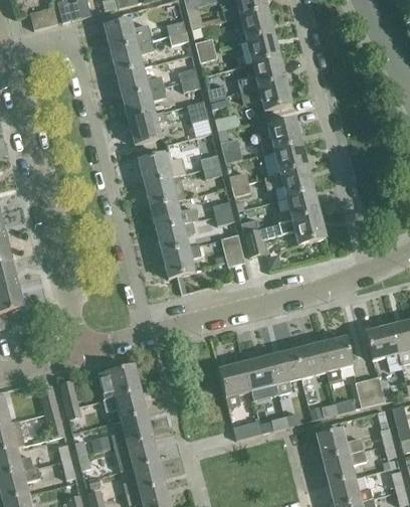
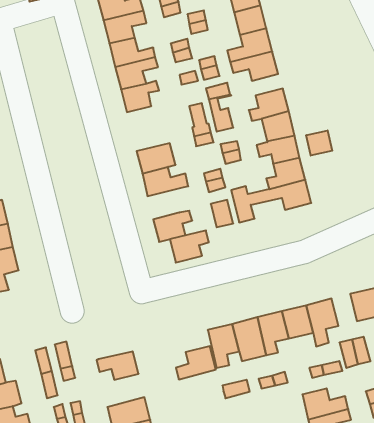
building: [138,151,185,184] -> none
building: none -> [306,130,332,156]
building: [155,221,195,255] -> [170,230,209,263]
building: [97,365,140,398] -> none
building: [111,413,152,448] -> [176,346,216,379]

